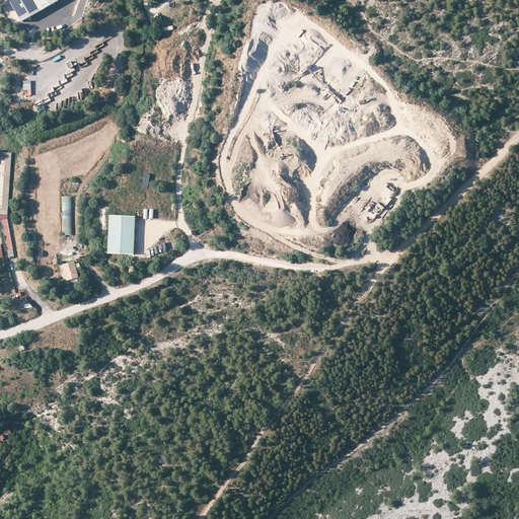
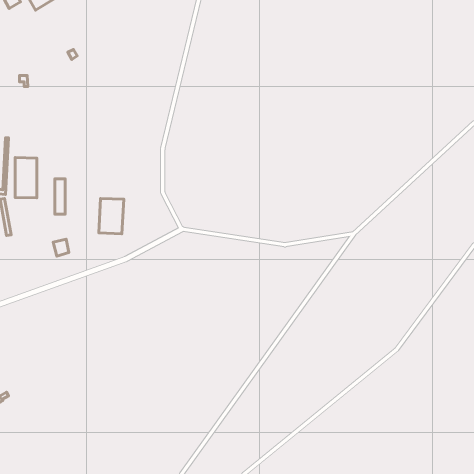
building: none -> [15,158,37,198]

